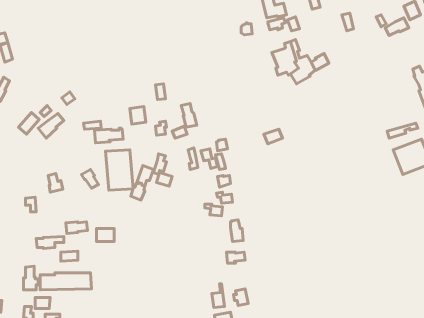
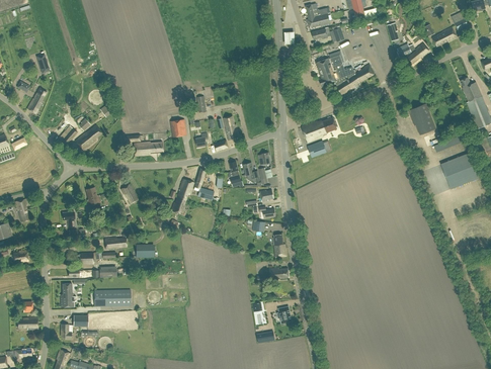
building: none -> [397,44,429,67]
building: none -> [409,104,436,133]
building: none -> [302,118,337,143]
building: [106,150,133,190] -> none

